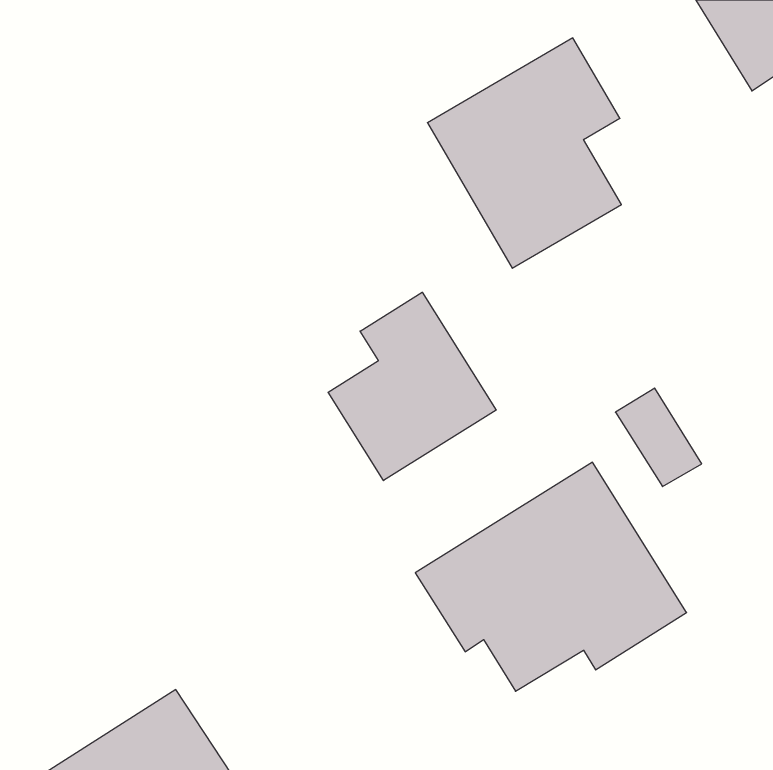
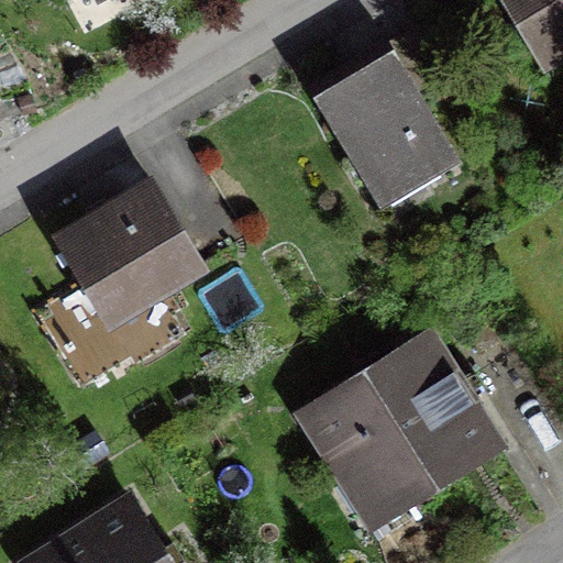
building: none -> [59,187,203,325]
building: [328,292,496,481] -> none

